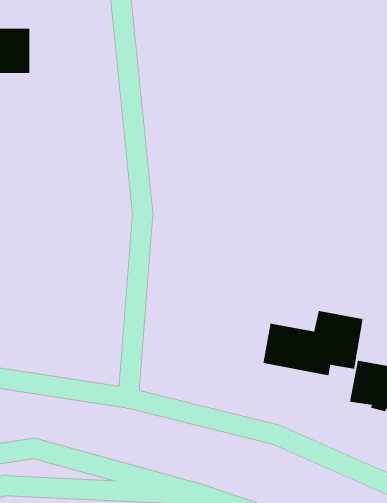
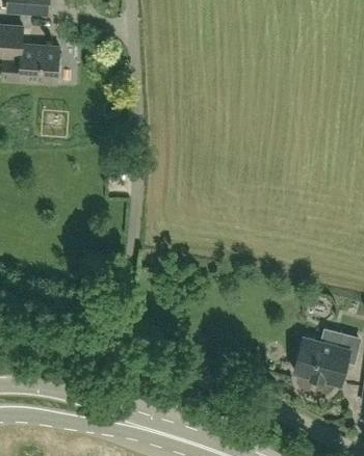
building: [263,310,363,376] -> none

